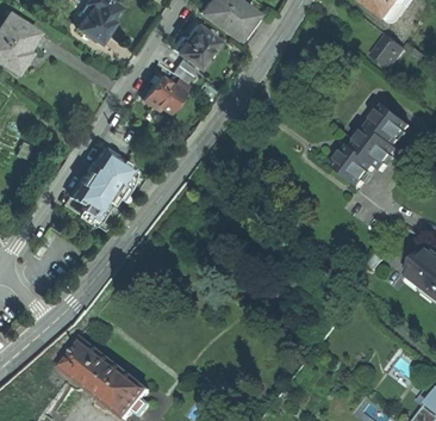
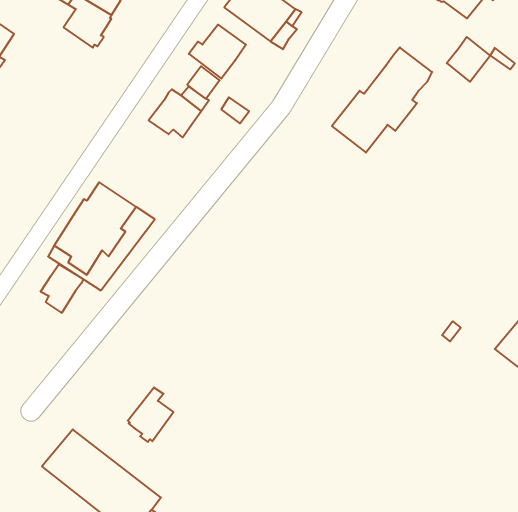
building: [334,107,411,188] -> [332,47,432,153]
building: none -> [41,264,83,313]
building: none -> [128,387,173,442]

